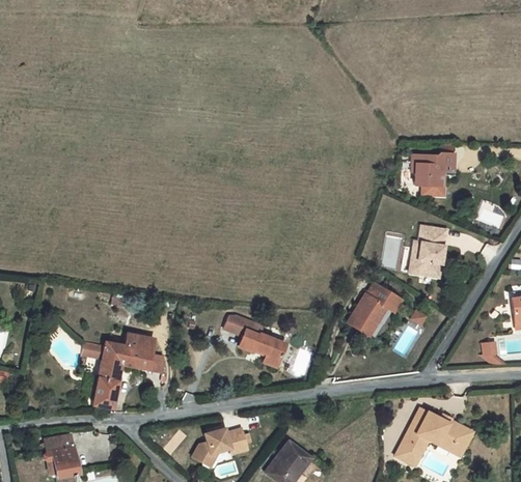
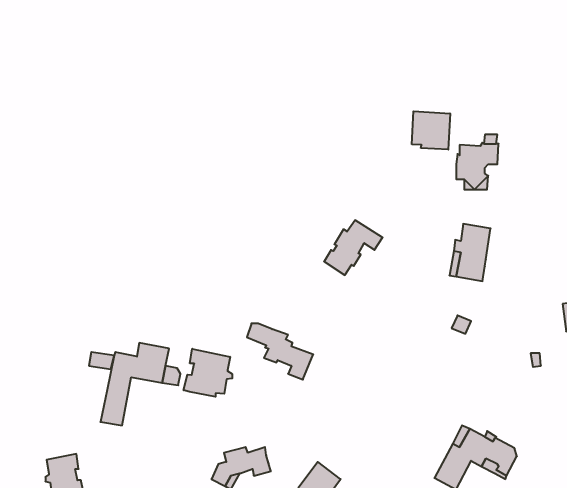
building: none -> [412,111,450,150]
building: [348,285,401,335] -> [324,220,383,275]
building: none -> [184,349,232,397]

